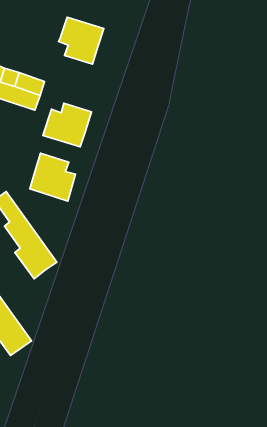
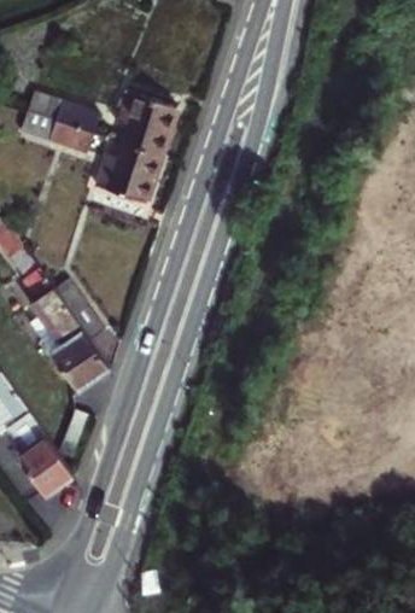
building: [58,17,104,64] -> [113,93,176,158]
building: [30,153,76,201] -> none

